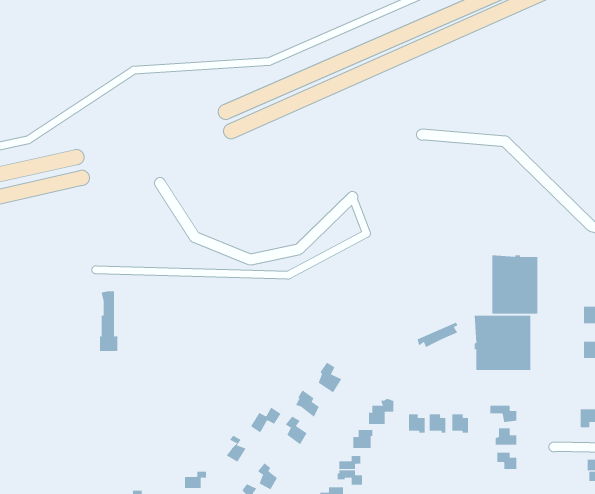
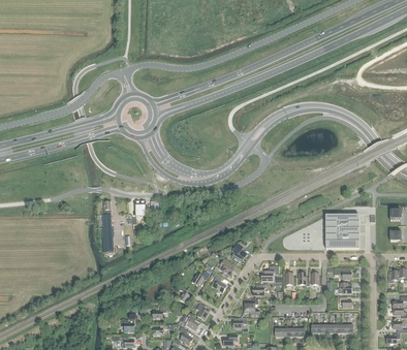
building: [492,254,538,315] -> none

